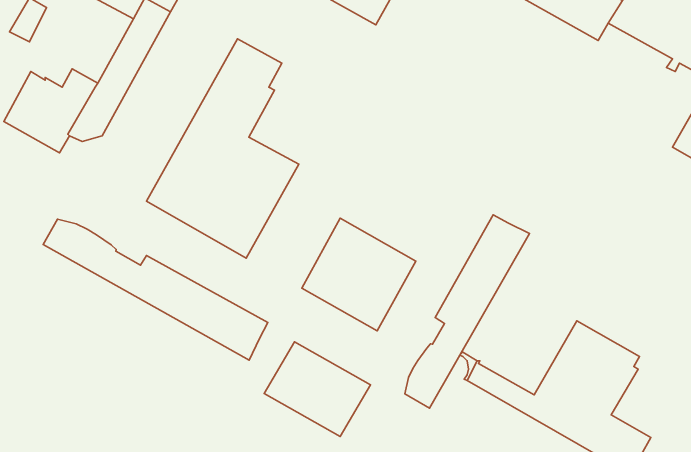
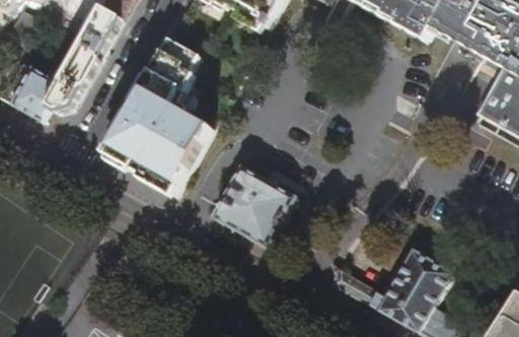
building: [405,215,530,408] -> none
building: [43,219,268,360] -> none
building: [264,342,370,436] -> none

